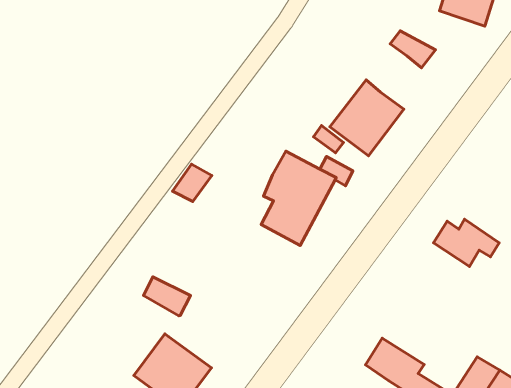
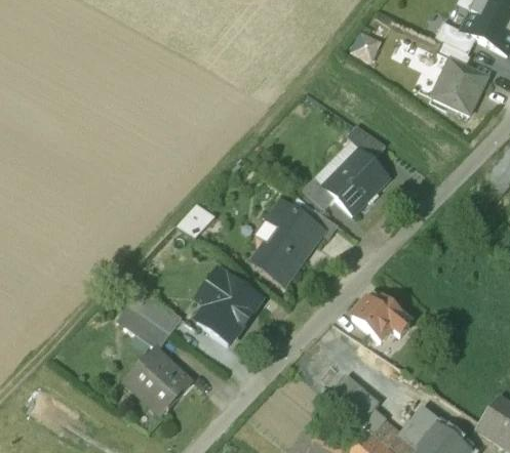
building: [390,31,435,68] -> [346,126,385,161]
building: [434,219,499,267] -> [352,300,409,342]
building: none -> [197,270,261,344]
building: none -> [117,304,169,352]

